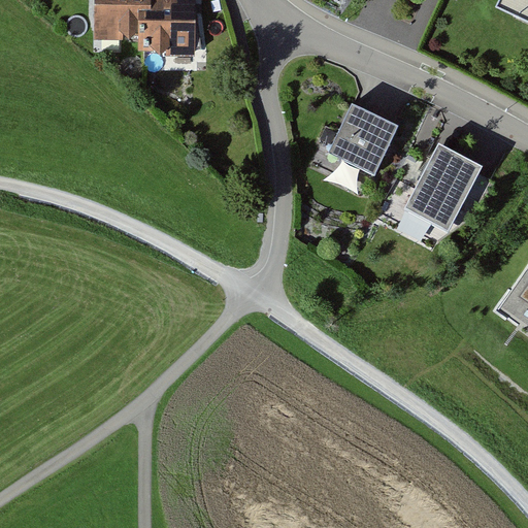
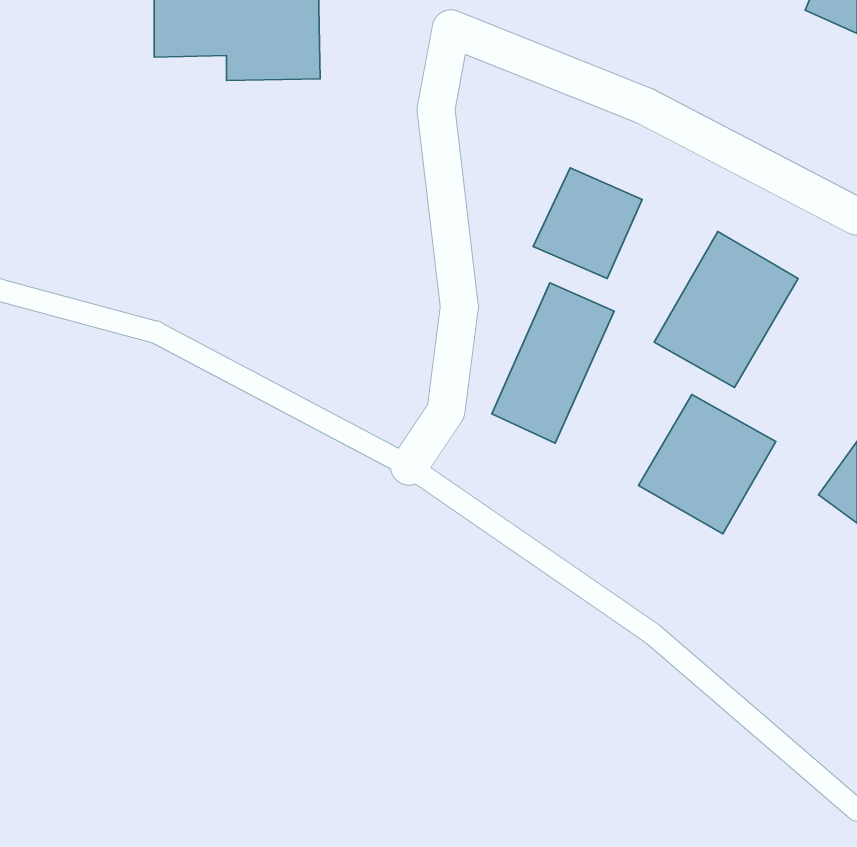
building: none -> [492,283,614,443]
building: none -> [639,394,776,534]

